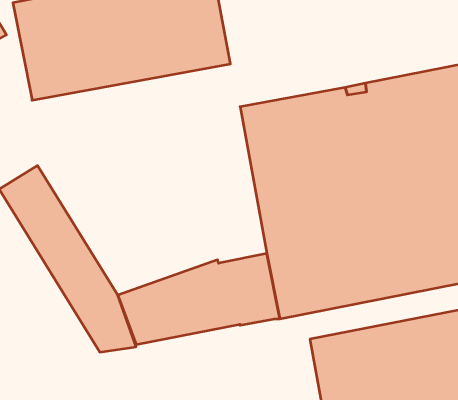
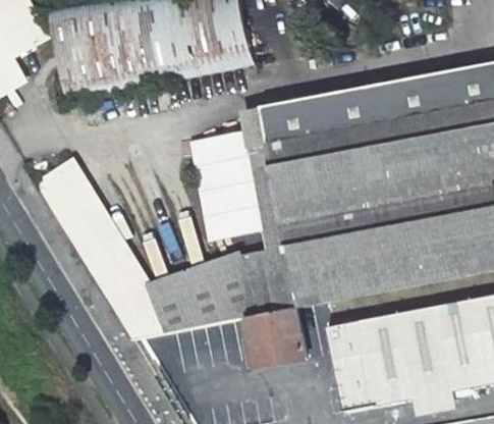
building: none -> [191,126,281,241]
building: none -> [249,307,309,367]

